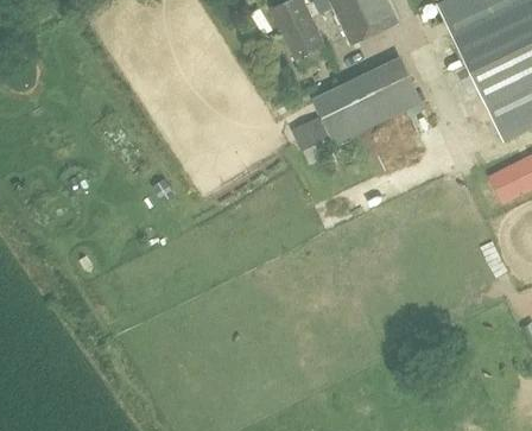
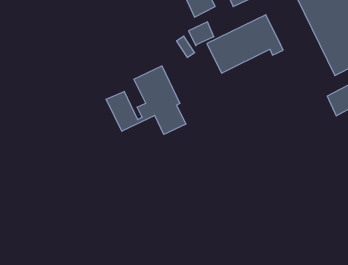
building: [292,114,329,148] -> [189,22,214,46]
building: none -> [106,66,186,134]

